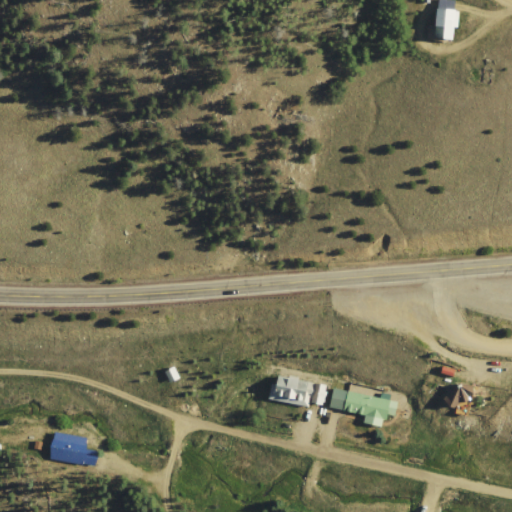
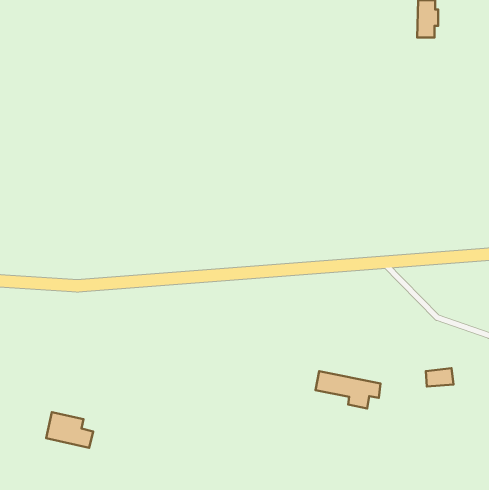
building: [268,375,325,406] -> none

